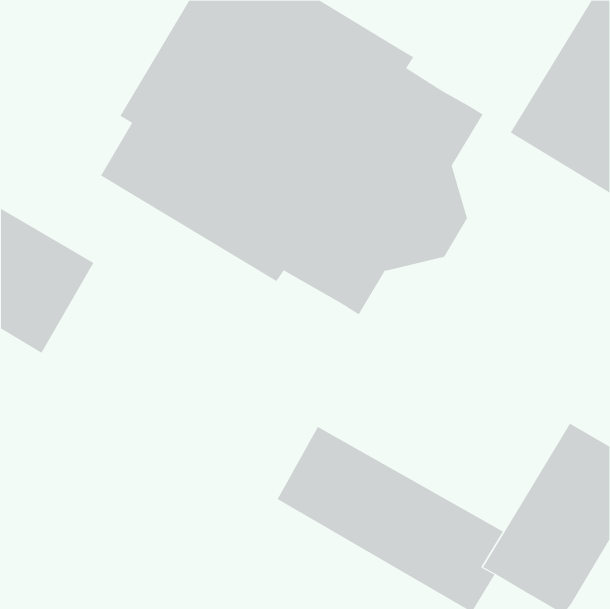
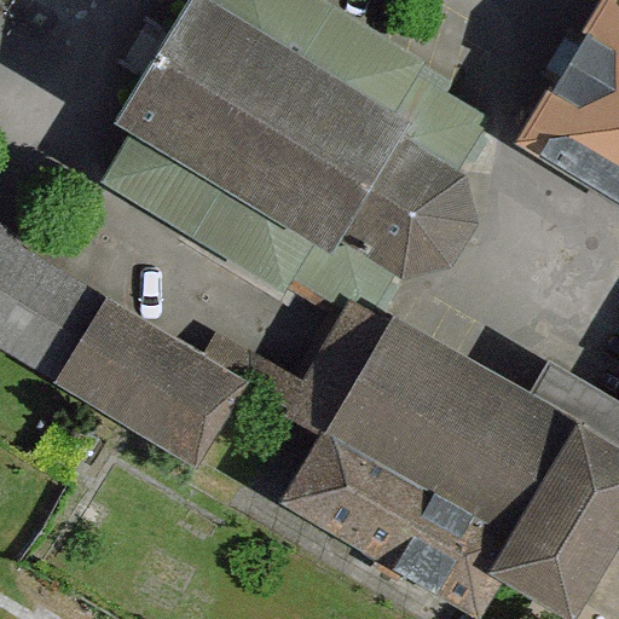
building: none -> [62,288,255,455]
building: none -> [326,317,579,539]

